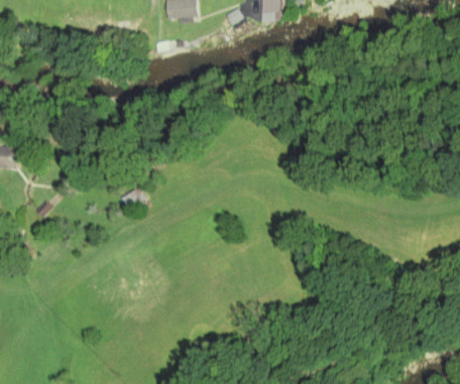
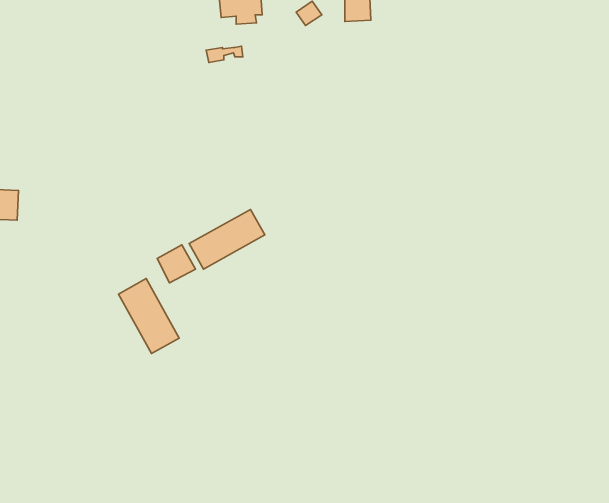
building: none -> [189,209,265,269]
building: none -> [119,279,179,354]

